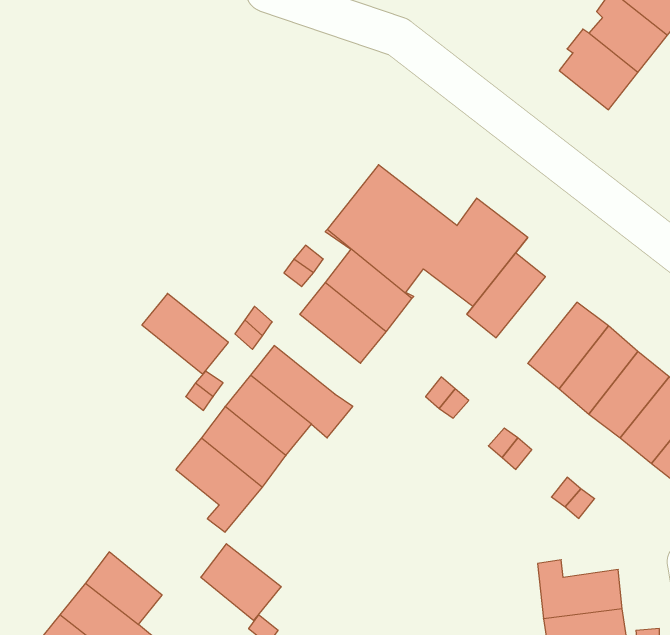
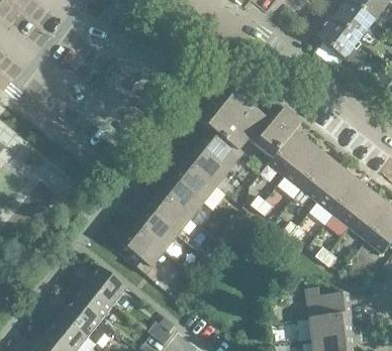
building: none -> [283,143,324,188]
building: [142,293,228,374] -> [169,162,213,204]
building: [201,544,281,620] -> [84,267,125,307]

